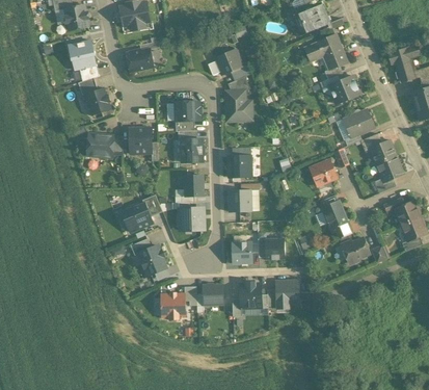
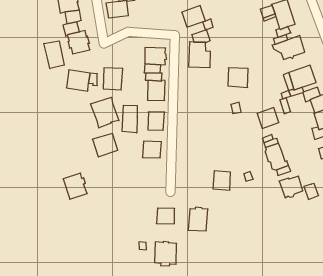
building: none -> [44,41,64,69]
building: [229,155,252,177] -> [228,68,248,87]
building: none -> [91,97,119,128]
building: none -> [122,105,137,133]
building: [230,190,251,211] -> none
building: [233,242,252,263] -> none
building: [138,244,167,276] -> [63,173,87,199]
building: [277,280,299,308] -> none
building: [161,292,187,320] -> [155,242,177,266]

